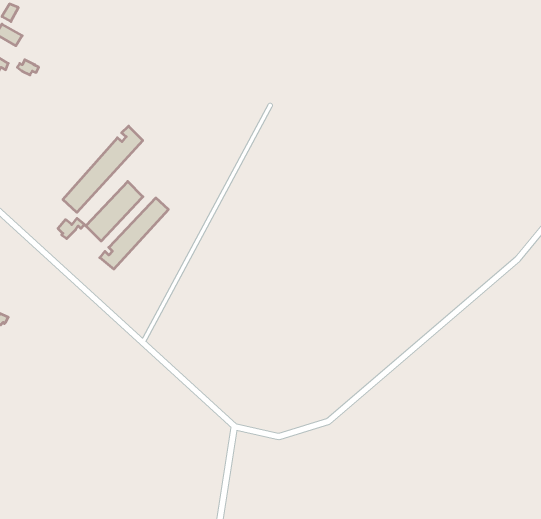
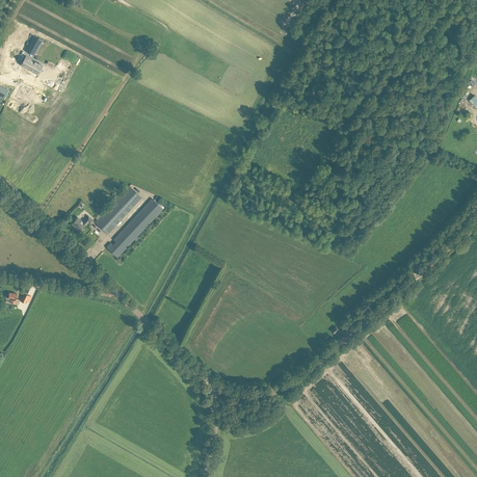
building: [63,126,143,212] -> none

